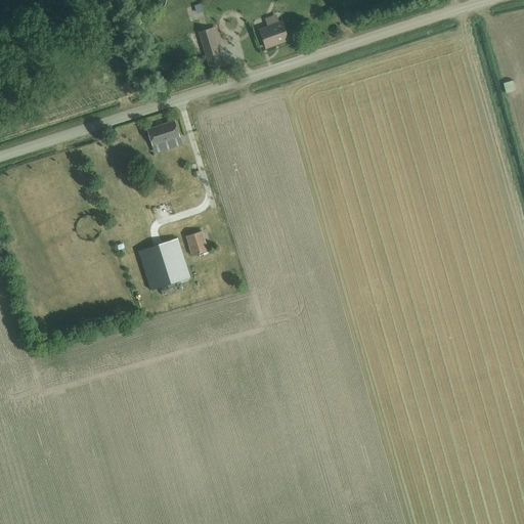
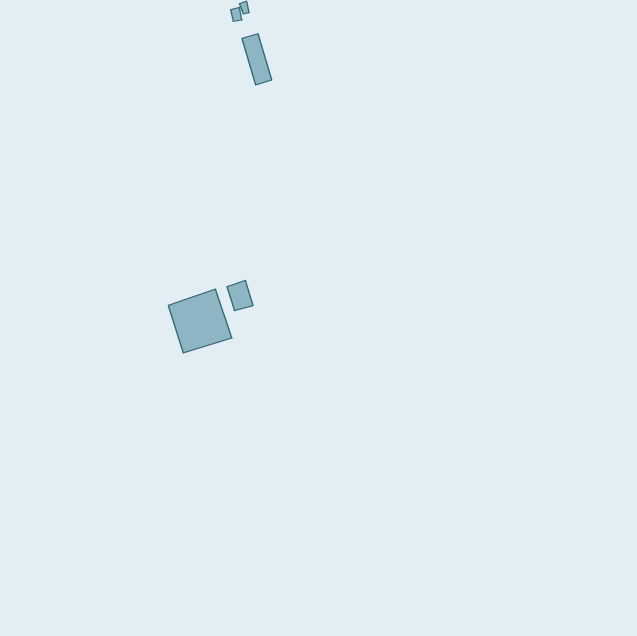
building: [259,14,288,48] -> none
building: [147,121,179,144] -> none

